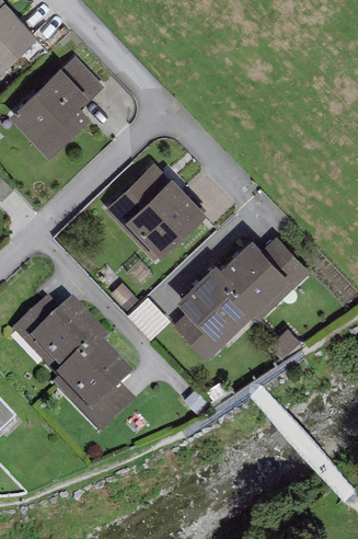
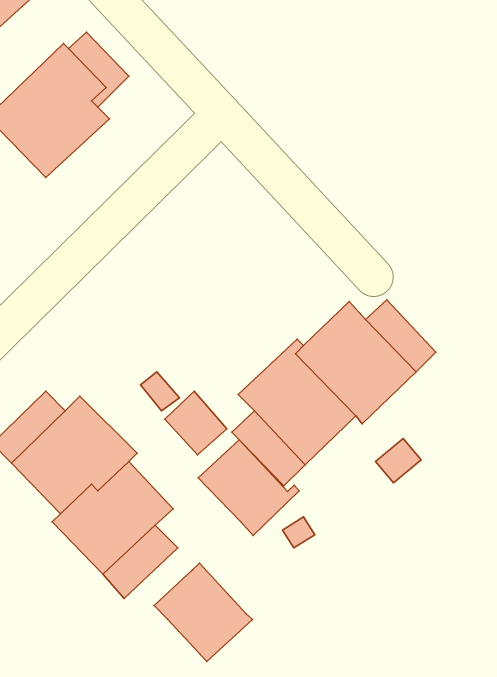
building: [105,162,208,260] -> none
building: none -> [198,440,299,535]
building: none -> [154,563,252,662]

